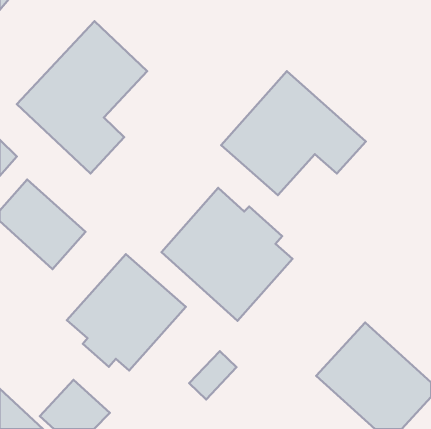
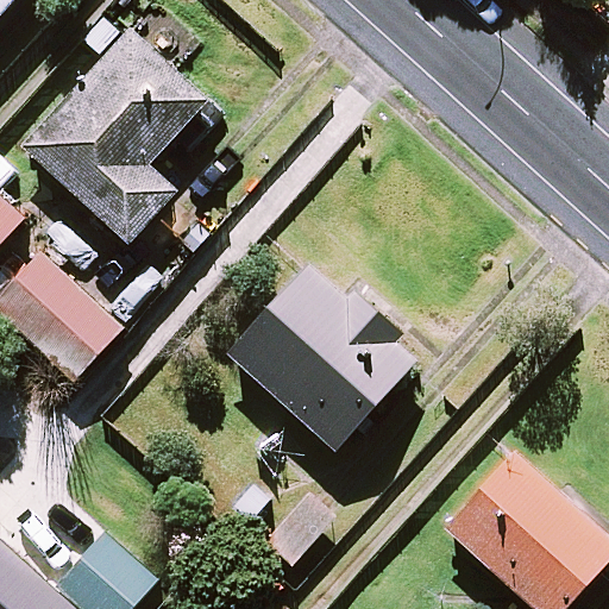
building: [221,71,366,195] -> none
building: [67,254,186,371] -> none

